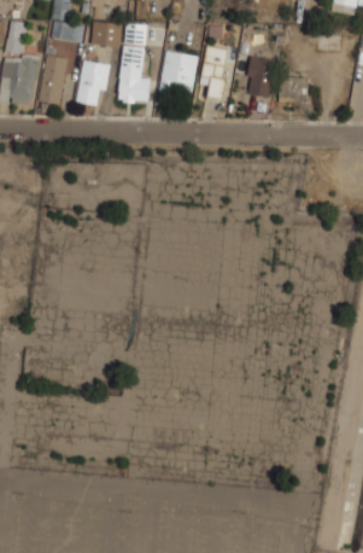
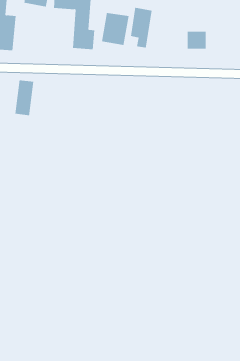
building: [40,53,68,104] -> [14,80,34,116]
building: [245,54,274,97] -> none
building: [77,59,110,106] -> none

